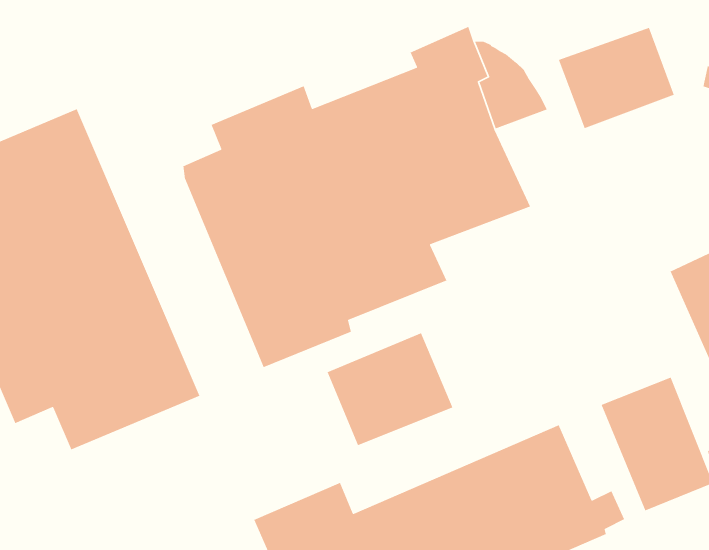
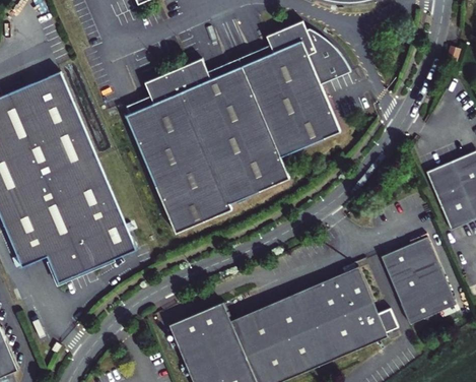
building: [558,27,675,129] -> none
building: [327,332,453,446] -> none

